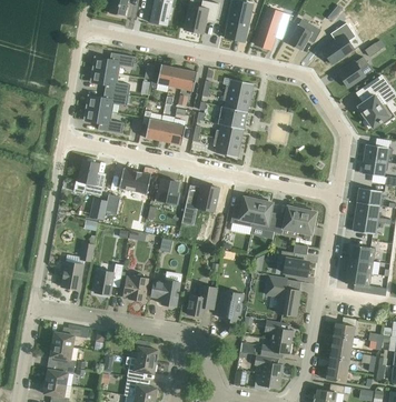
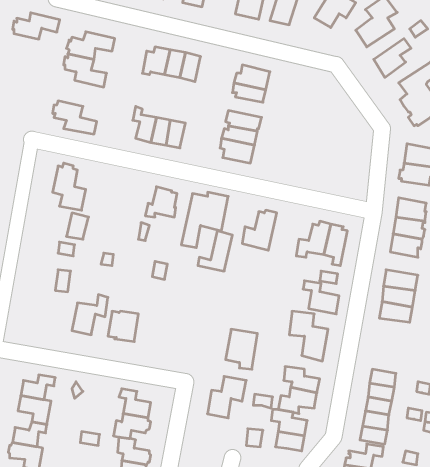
building: [82,91,120,112] -> [13,13,60,39]
building: [118,165,150,191] -> none
building: [253,198,277,232] -> none
building: [62,261,83,290] -> none
building: [151,280,180,306] -> none
building: [187,284,218,318] -> [207,376,246,418]

